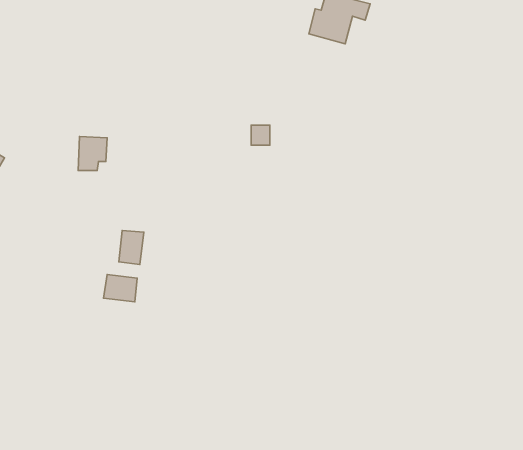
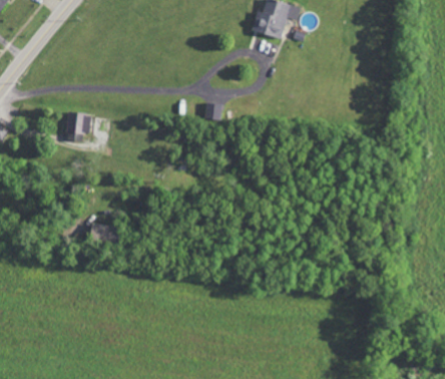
building: [119,231,144,265] -> none

